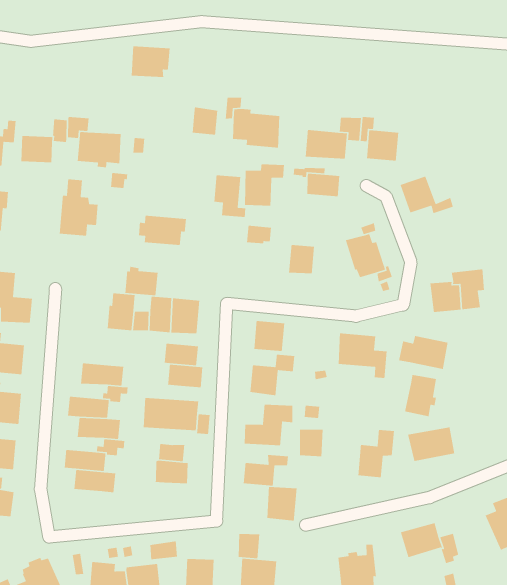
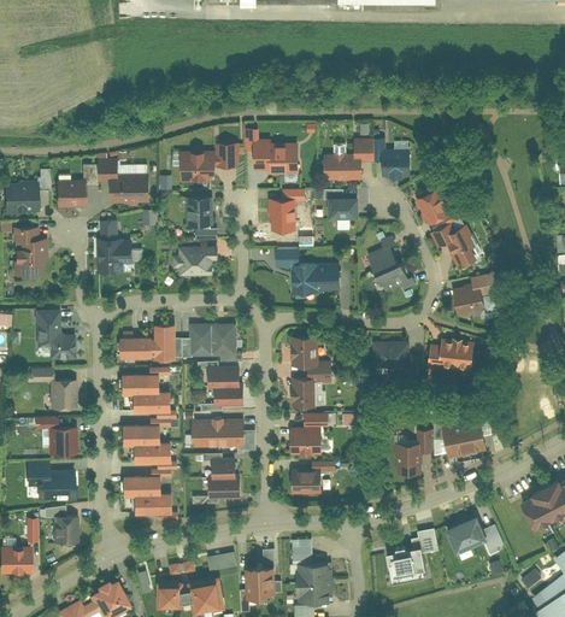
building: [131,46,171,78] -> [178,152,214,182]
building: [213,174,246,218] -> [187,200,218,239]
building: none -> [430,223,478,266]
building: none -> [292,264,317,293]
building: [125,266,158,296] -> [120,333,151,359]
building: none -> [119,375,158,393]
building: [404,374,437,417] -> none
building: [299,429,324,457] -> none
building: [267,486,297,521] -> none

